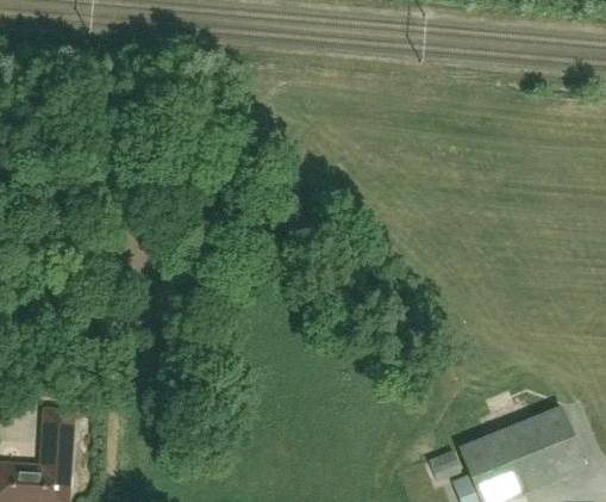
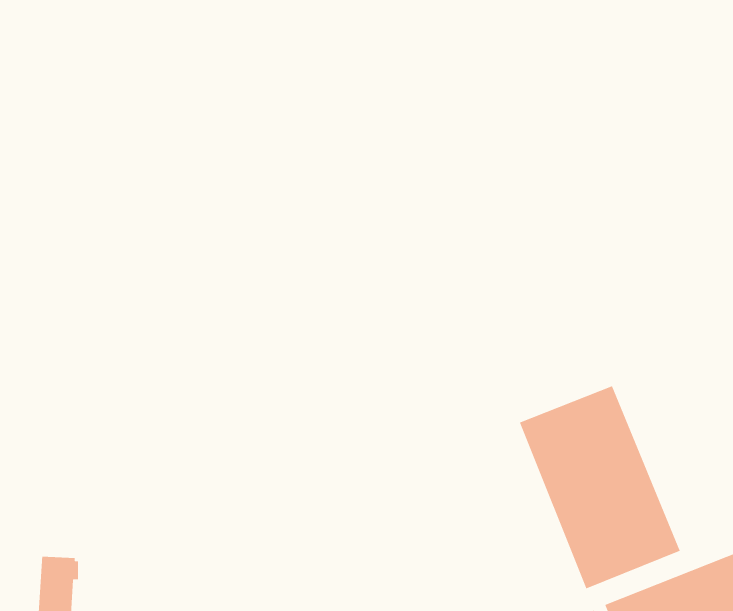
building: none -> [519,385,681,589]

